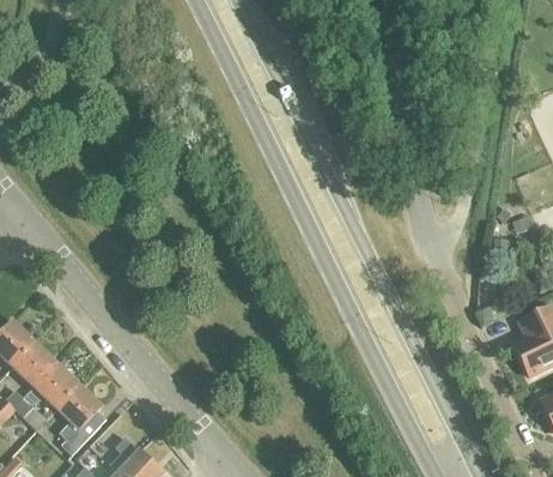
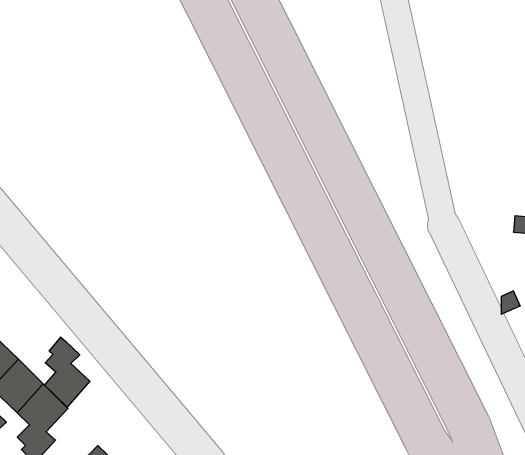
building: none -> [44,337,90,407]

